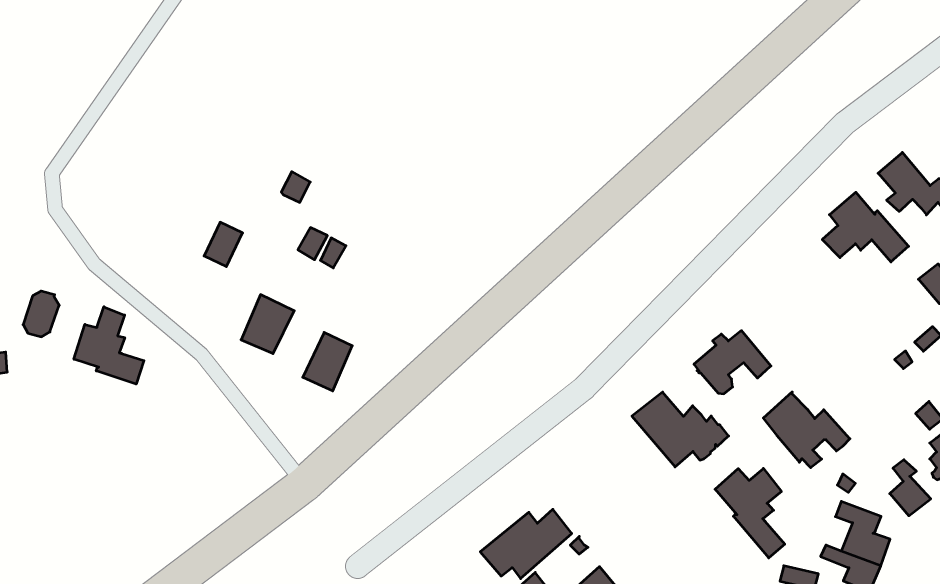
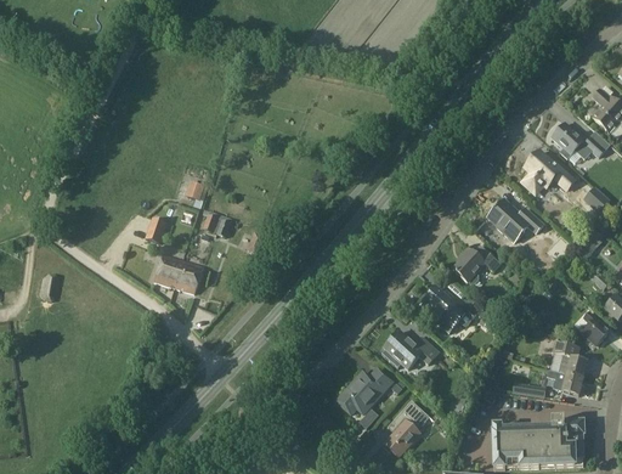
building: [74,307,144,384] -> none
building: [303,332,352,391] -> [154,252,182,287]
building: [763,392,850,468] -> [488,198,543,243]
building: none -> [383,329,439,368]
building: [715,468,785,558] -> none

